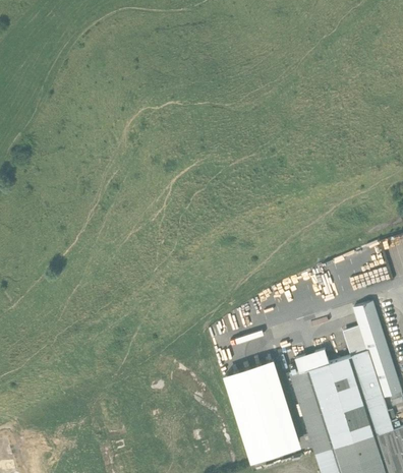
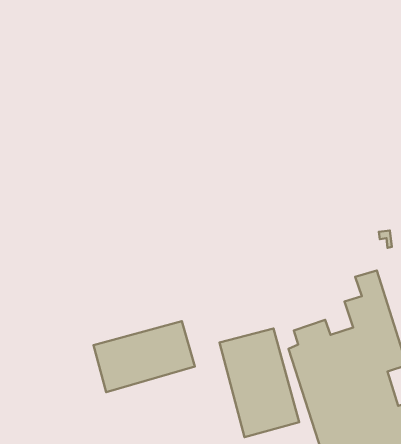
building: none -> [93,321,195,392]

